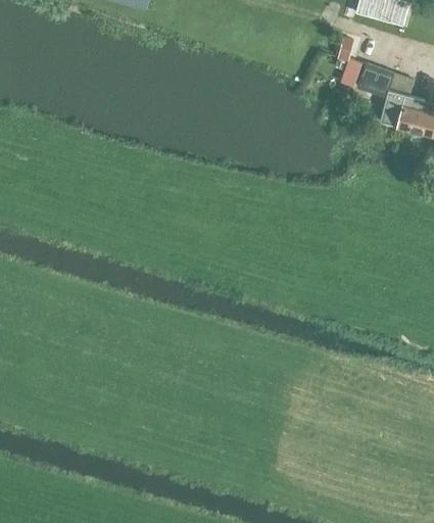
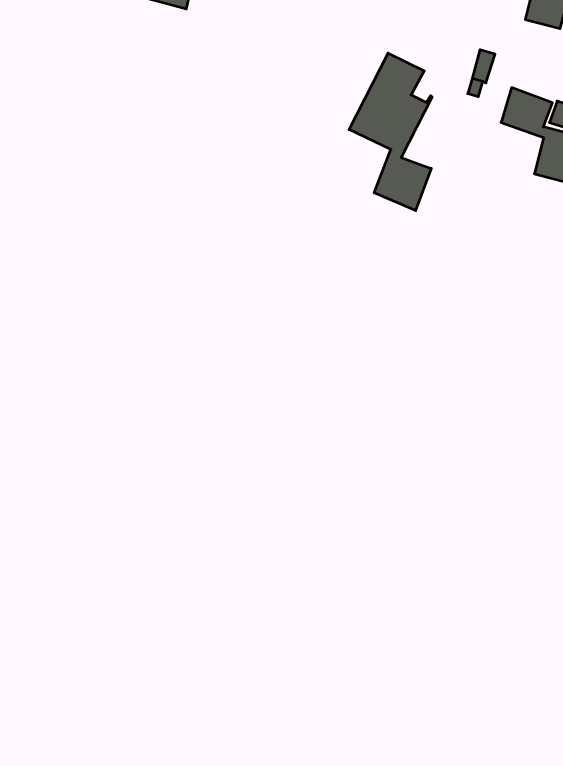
building: none -> [349,53,432,211]

